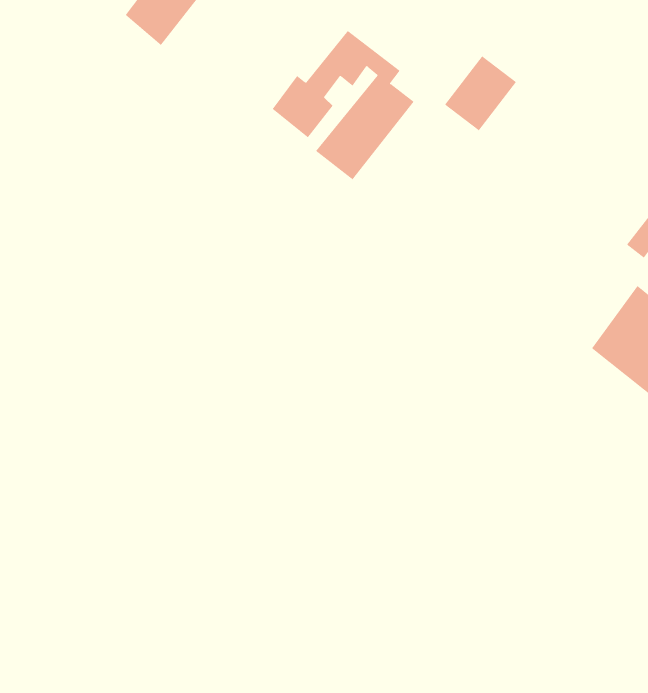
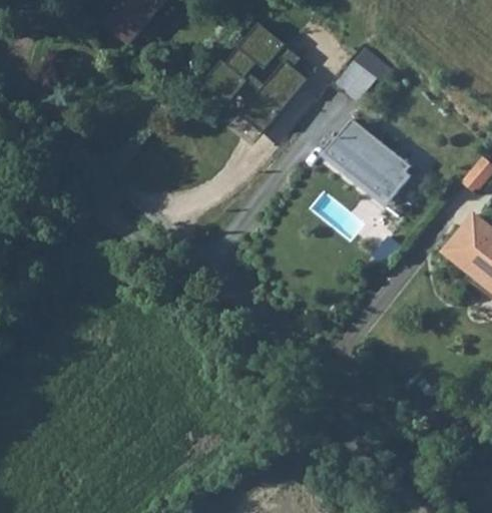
building: none -> [326,119,412,207]

